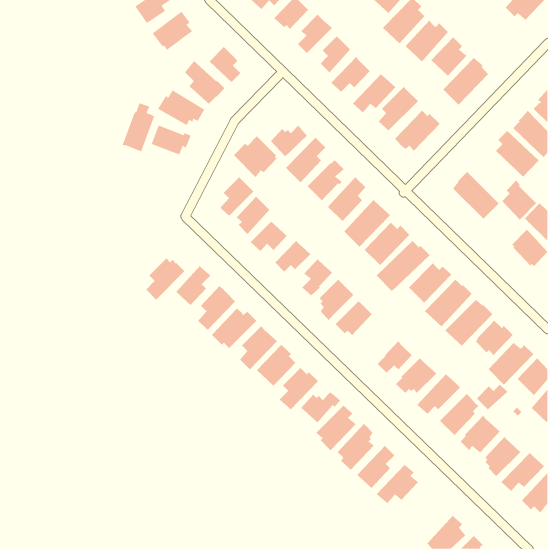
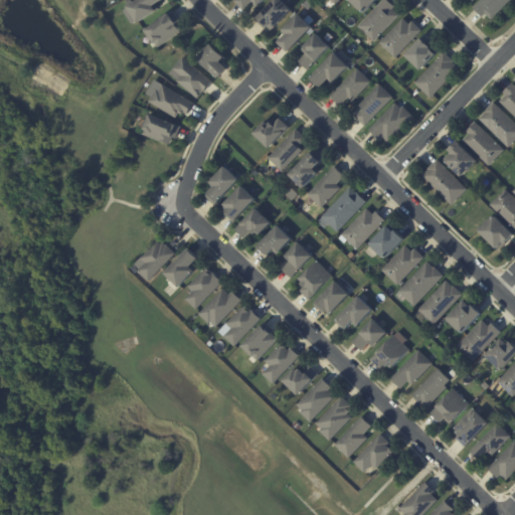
building: [122,102,155,152] -> none
building: [233,135,278,178] -> none
building: [501,180,537,221] -> [443,139,476,177]
building: none -> [333,295,371,329]
building: [476,384,508,410] -> none

